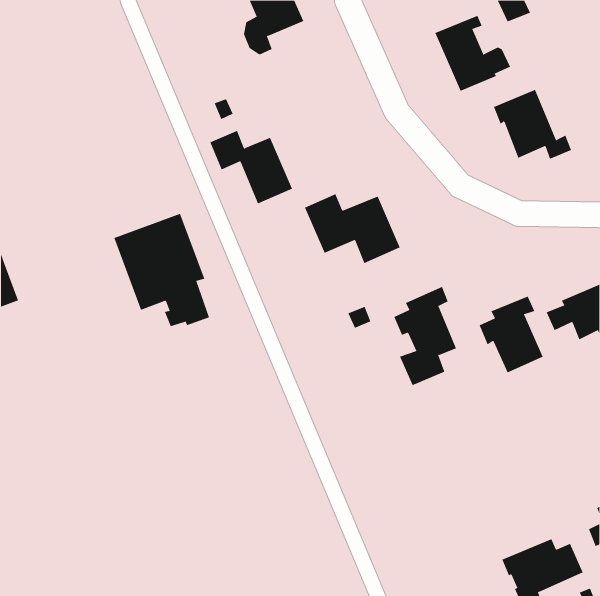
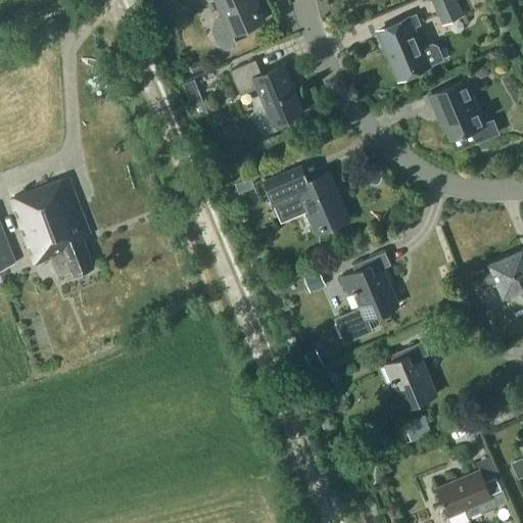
building: [209,130,293,204] -> [231,61,303,126]
building: [114,213,210,327] -> [10,180,94,279]
building: [479,296,543,373] -> [380,342,436,410]

